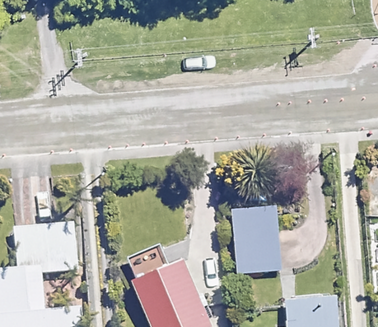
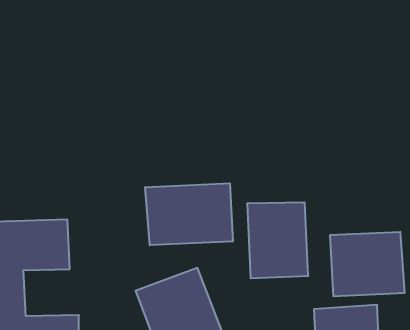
building: none -> [145,183,233,245]
building: none -> [330,232,405,296]

